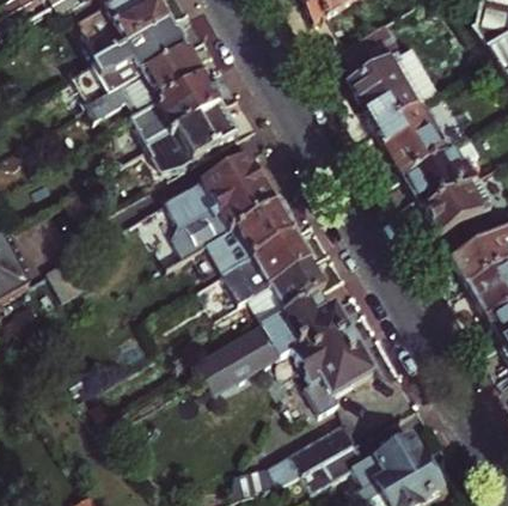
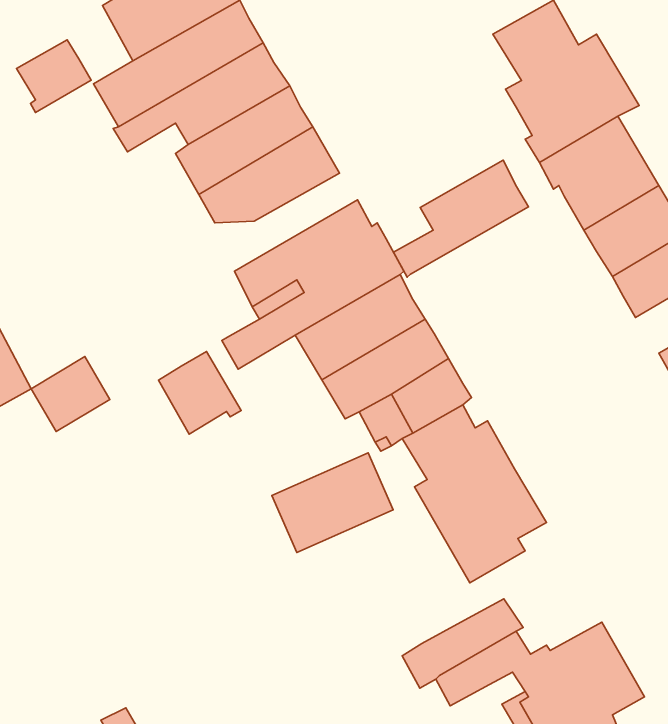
building: none -> [16,40,91,112]
building: none -> [393,160,529,277]
building: none -> [158,351,241,434]

